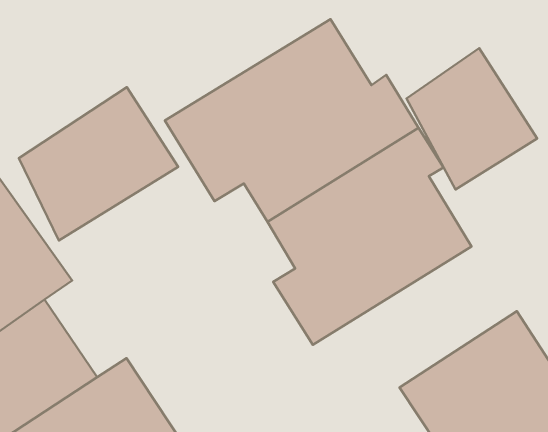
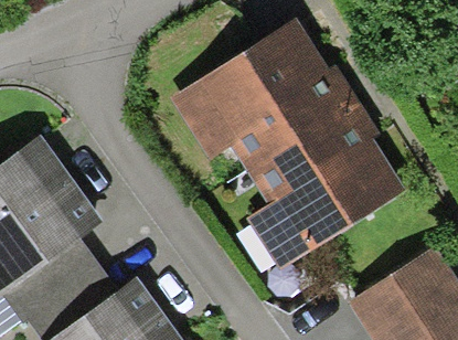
building: [406,48,537,189] -> none
building: [19,87,178,241] -> none

